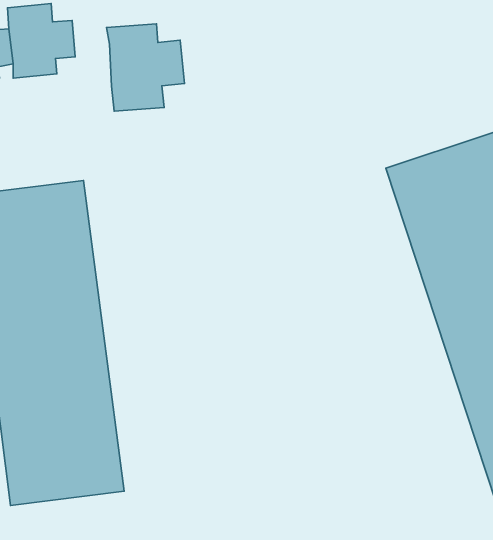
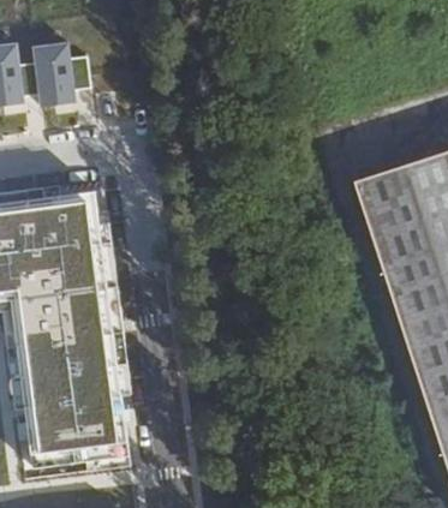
building: [107,24,184,111] -> none

